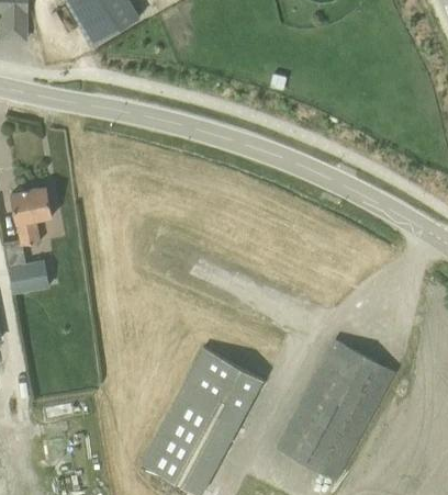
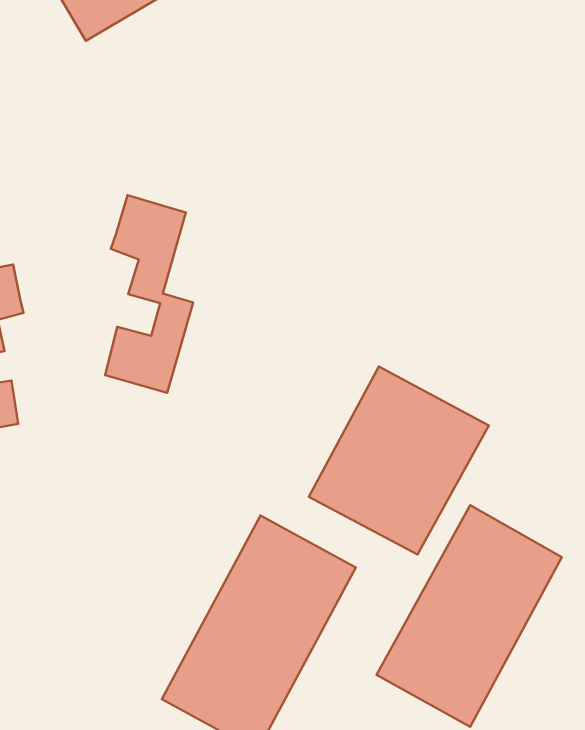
building: none -> [105,195,193,393]
building: none -> [309,367,489,554]

